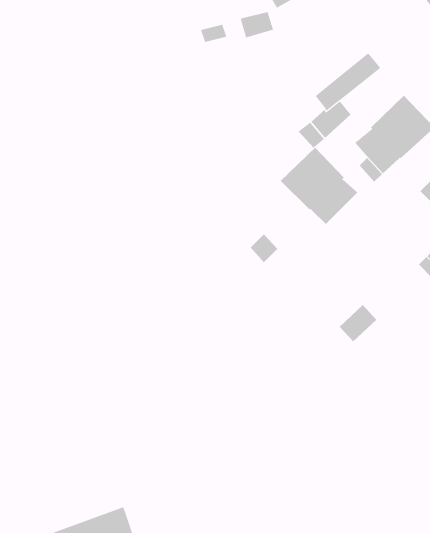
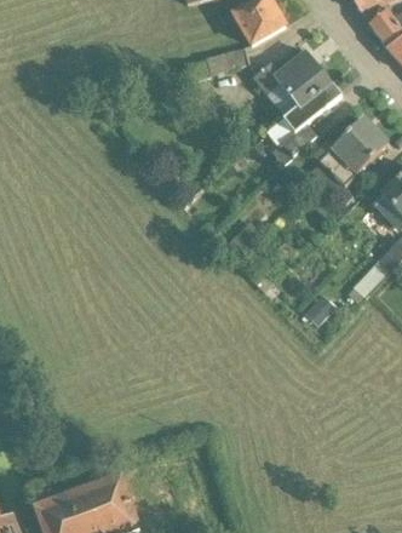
building: none -> [254,51,331,107]
building: [280,147,358,225] -> none

